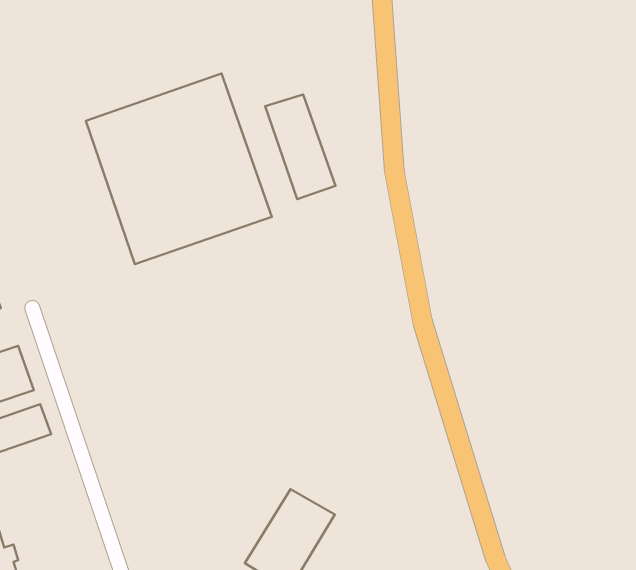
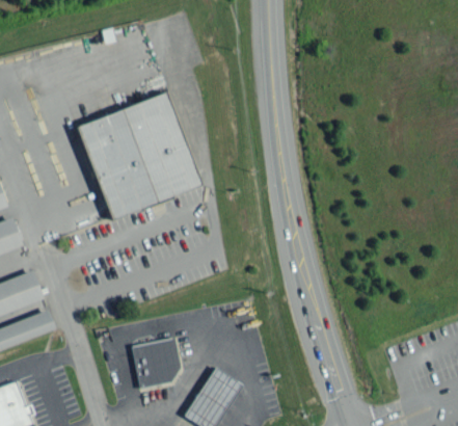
building: [265,94,335,199] -> none
building: none -> [131,339,180,390]

